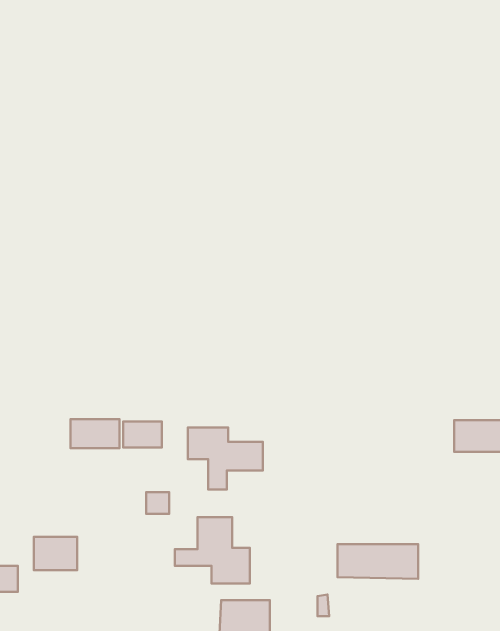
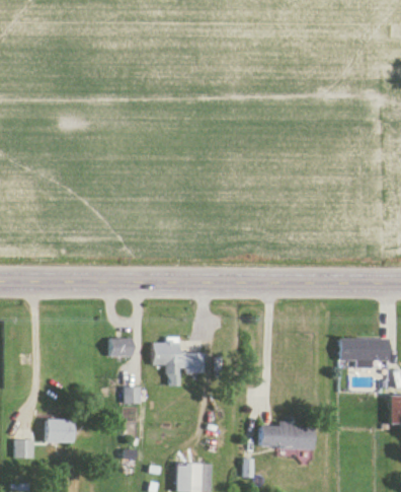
building: [71,419,120,448] -> none
building: [175,517,250,584] -> none

